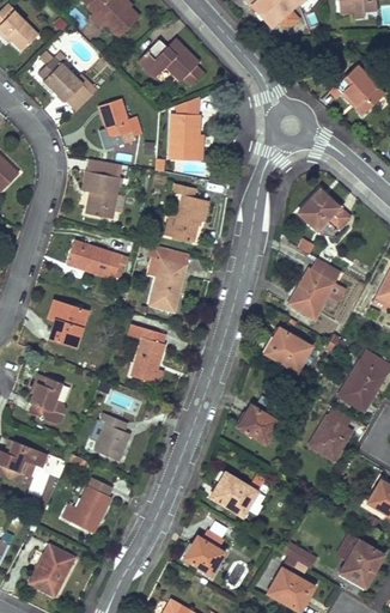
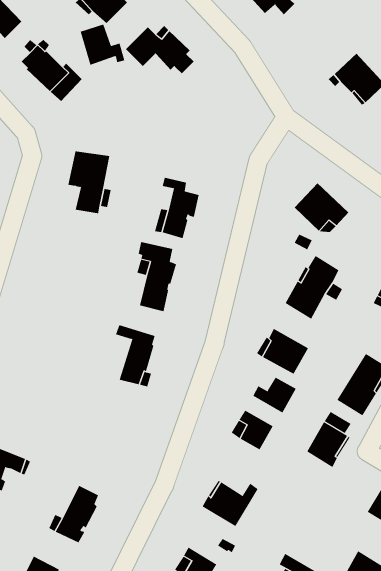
building: [99,98,142,138] -> [80,24,125,65]
building: [170,113,200,160] -> none
building: [67,239,122,279] -> none
building: [49,299,89,346] -> none
building: none -> [252,377,296,413]
building: [30,374,66,424] -> none
building: [95,413,130,460] -> none

